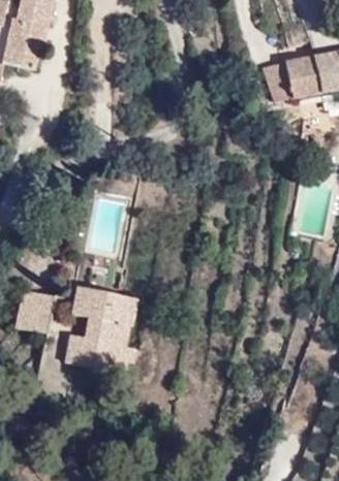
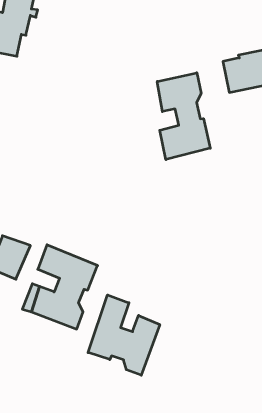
building: none -> [157,73,210,160]
building: none -> [88,295,160,375]

